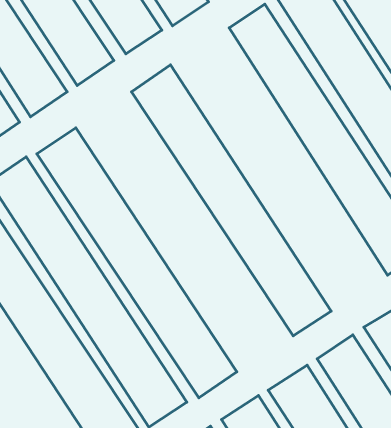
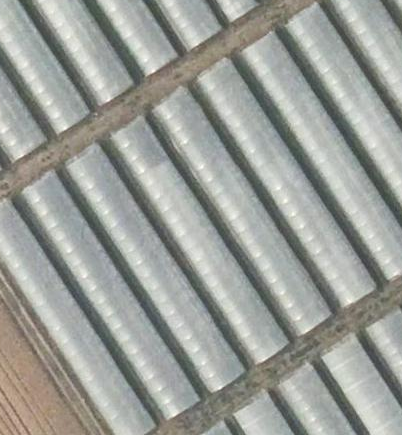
building: none -> [196,58,379,307]
building: none -> [109,115,292,364]

